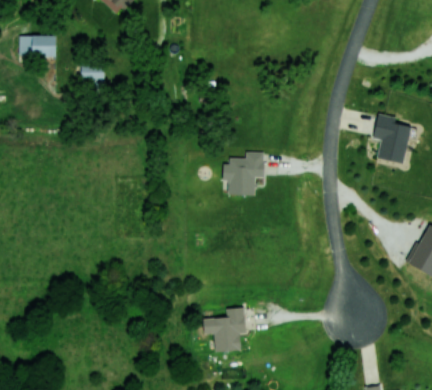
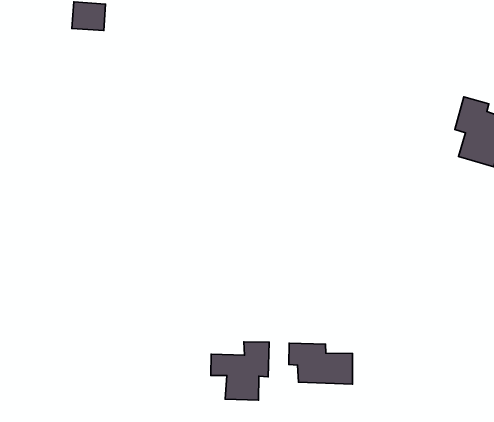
building: [225,152,265,196] -> none
building: none -> [289,343,352,384]

